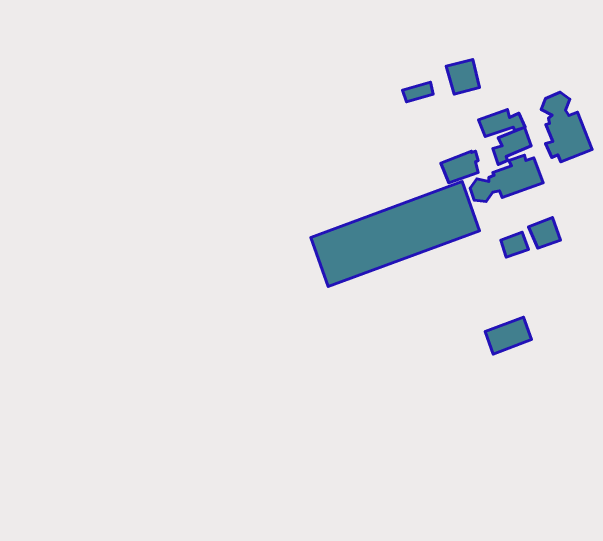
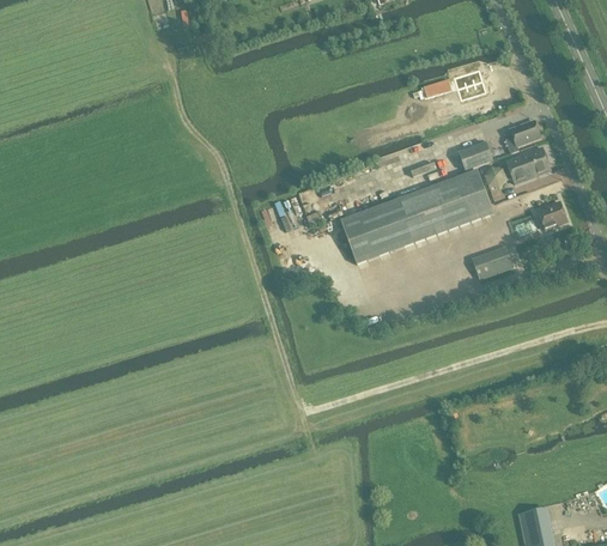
building: [541,92,592,162] -> none
building: [478,110,525,136] -> none
building: [485,317,532,354] -> [471,245,512,279]

